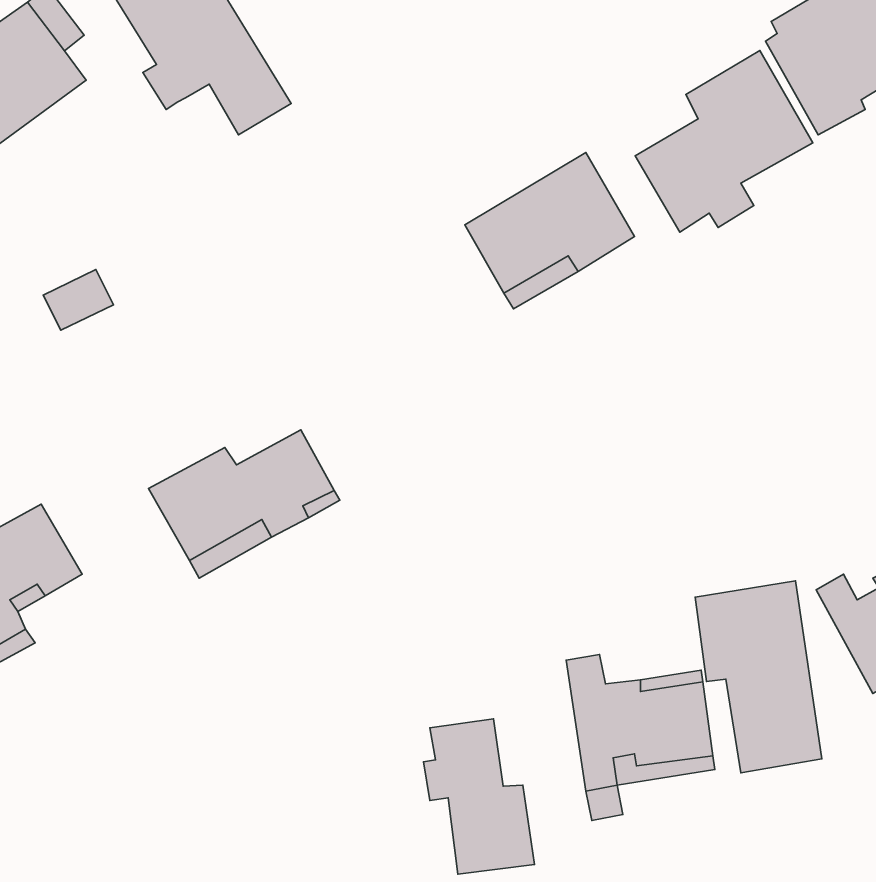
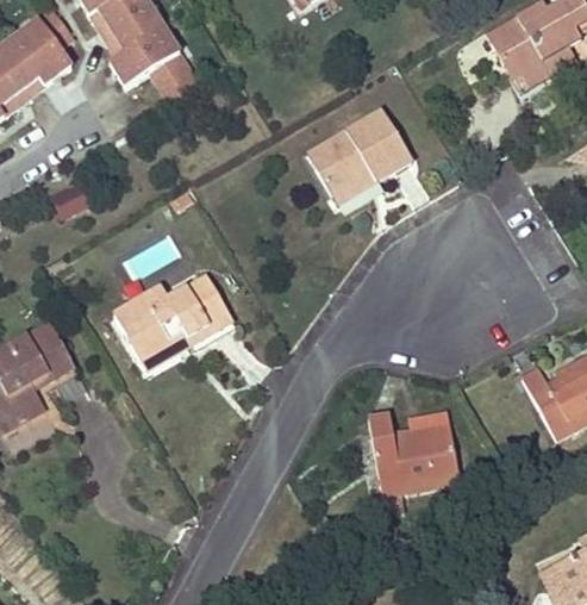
building: [635,50,813,232] -> none
building: [695,581,822,773] -> none
building: [424,719,535,874] -> none

